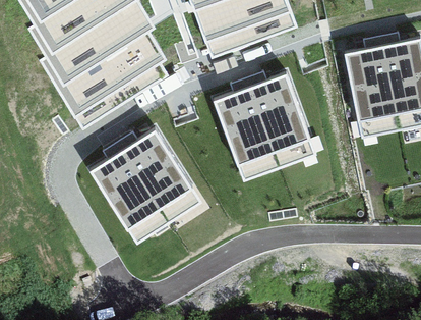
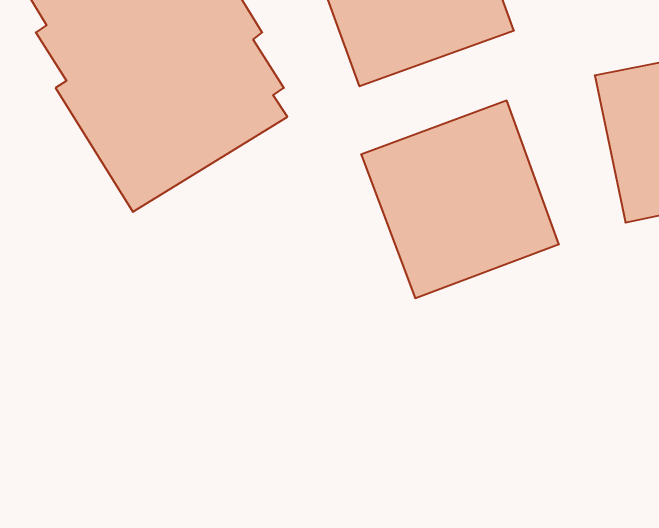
building: [83,124,202,244] -> none

